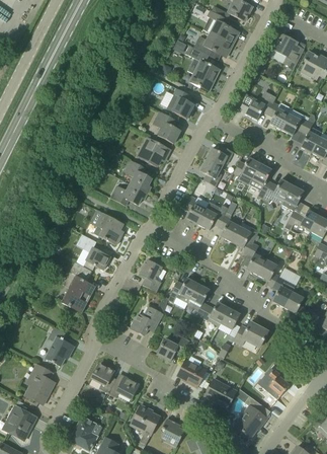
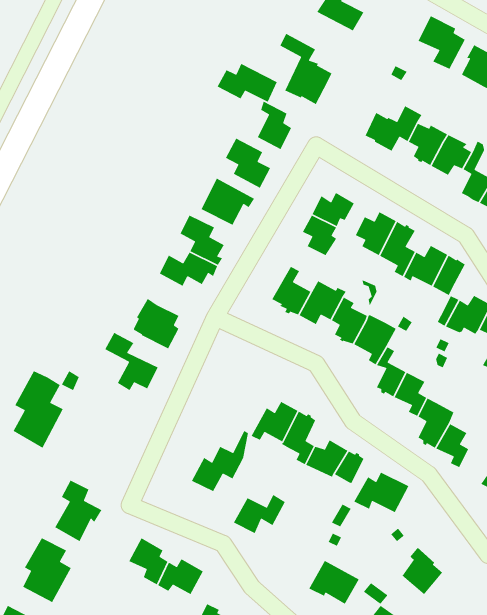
building: [194,31,233,57] -> [217,63,278,103]
building: [140,259,166,291] -> none
building: [62,261,94,311] -> [12,370,64,449]
building: [178,358,207,386] -> none

